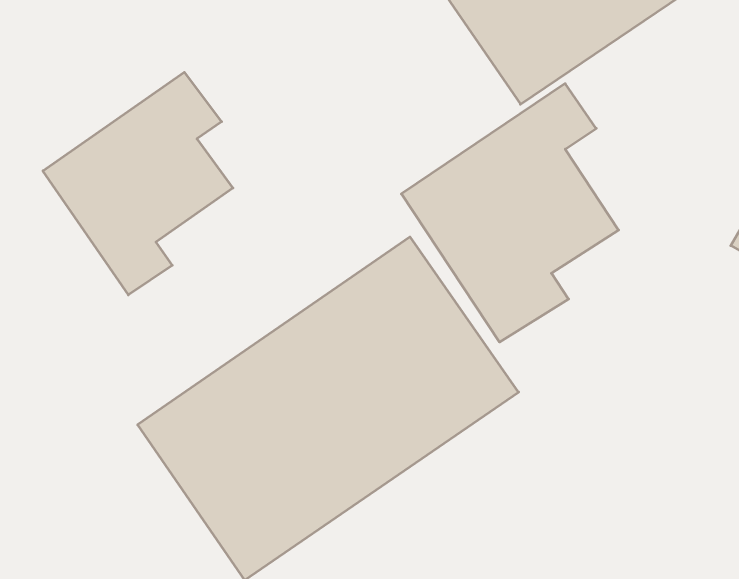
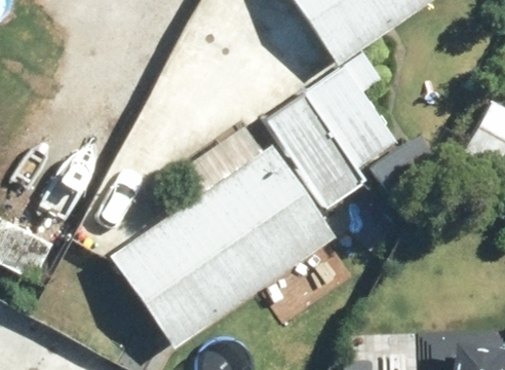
building: [43,72,233,295] -> none

